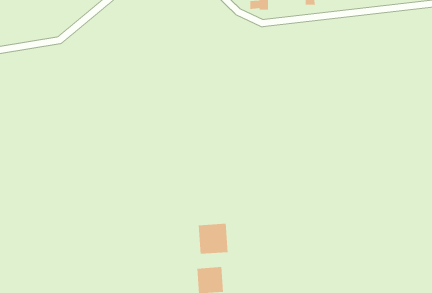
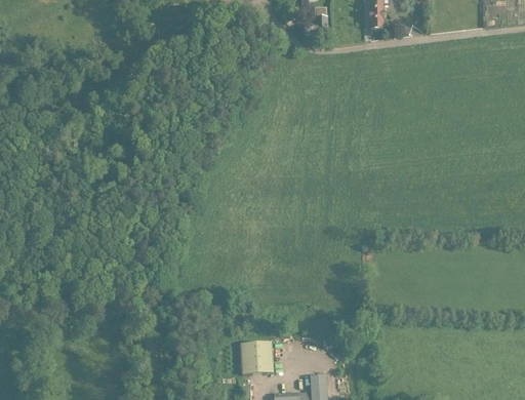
building: [198,223,228,255] -> none

